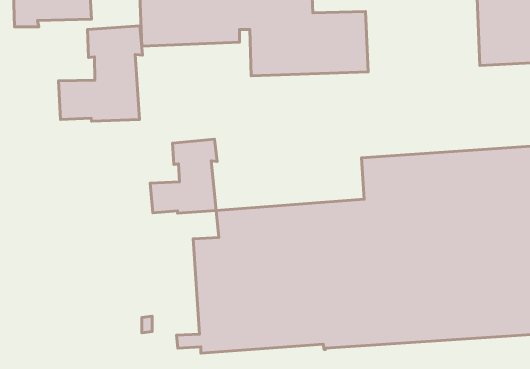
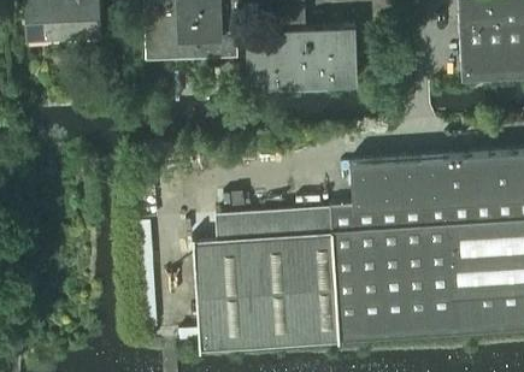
building: [58,26,143,121] -> none
building: [150,139,217,213] -> none

